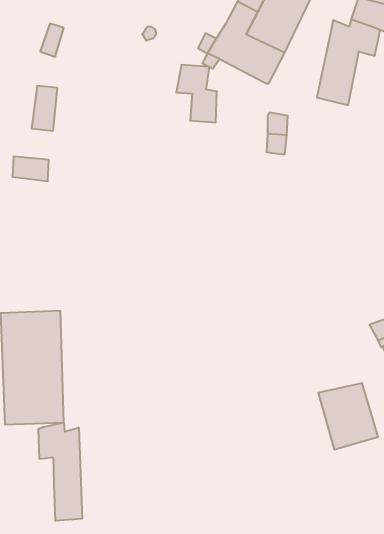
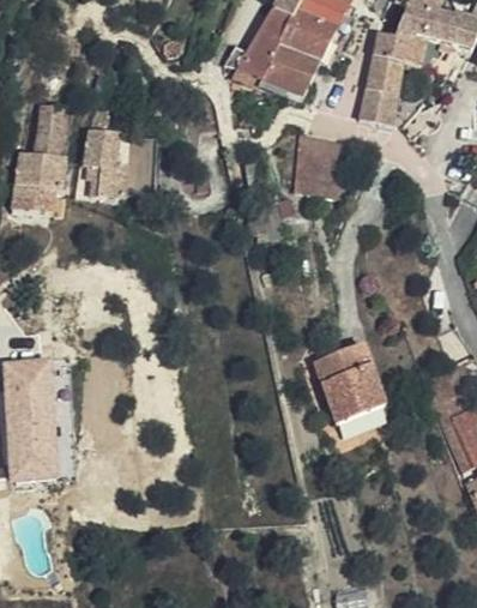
building: [176,65,217,123] -> [85,132,131,197]
building: none -> [18,151,70,189]
building: [318,383,378,450] -> [320,349,387,423]
building: [38,422,82,521] -> none

